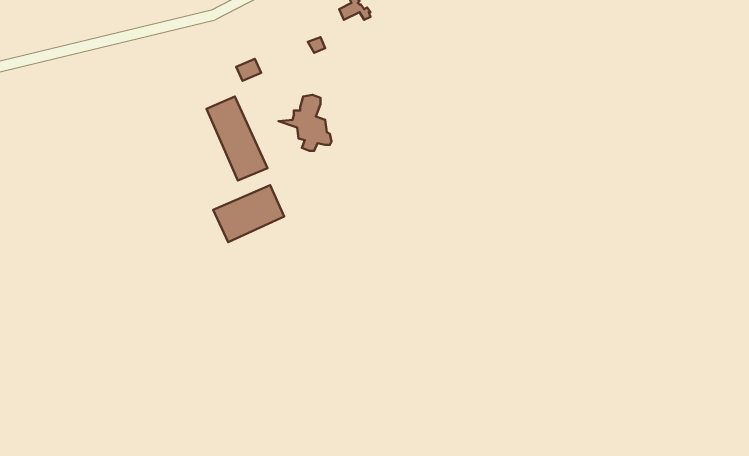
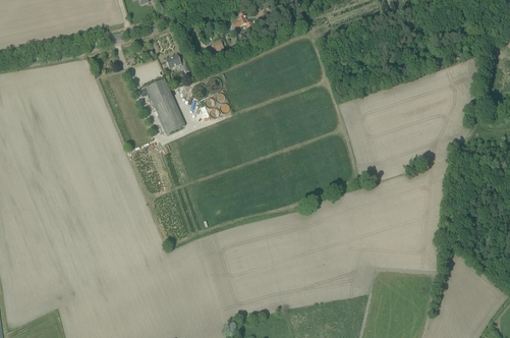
building: [213,185,284,242] -> none

